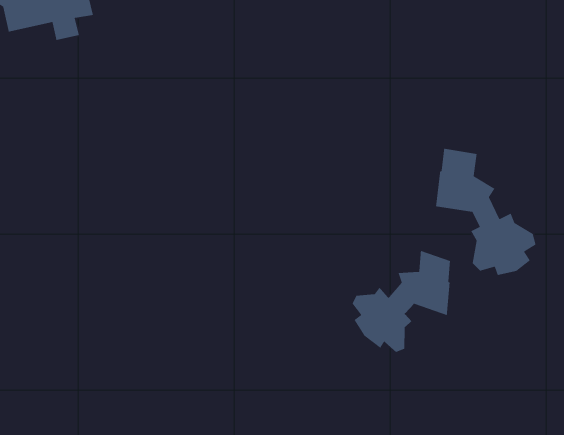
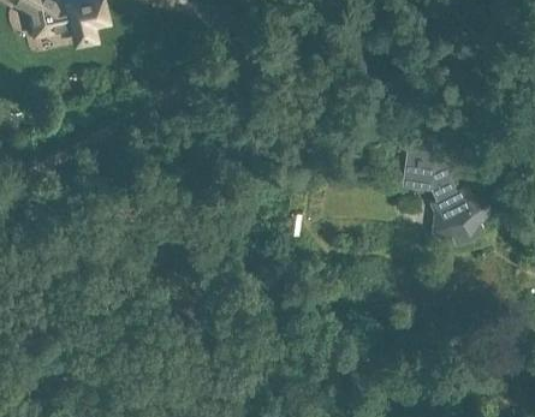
building: [351,250,451,353] -> none

